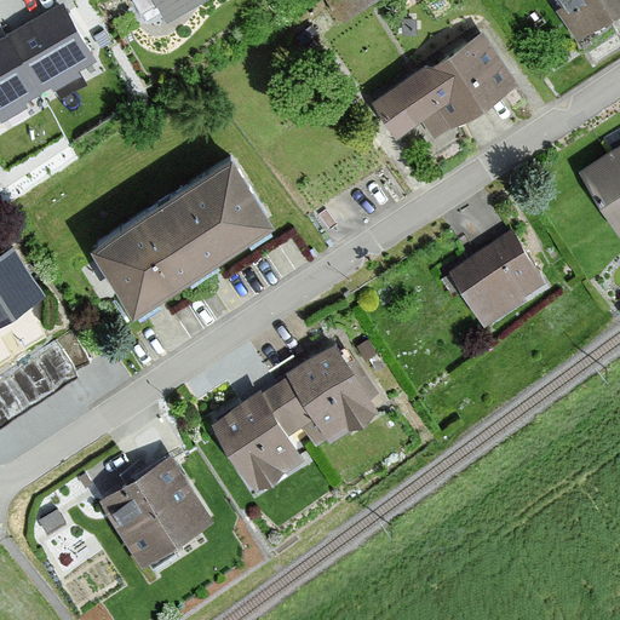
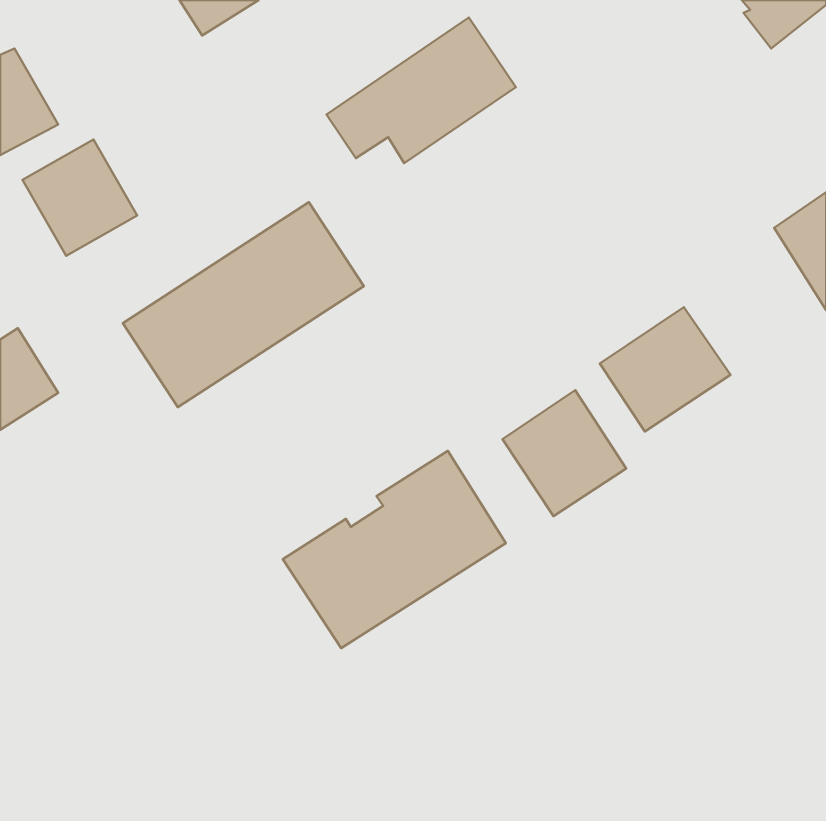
building: [11,10,97,97] -> [22,139,137,256]
building: [375,33,517,142] -> [327,18,516,163]
building: none -> [502,390,626,516]
building: [98,458,209,566] -> none

